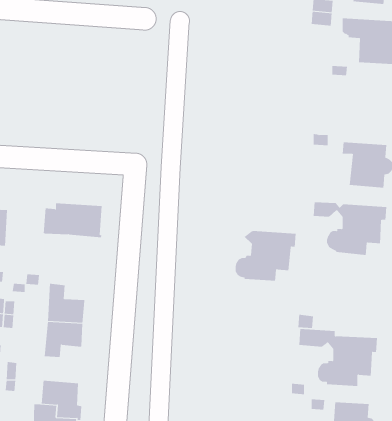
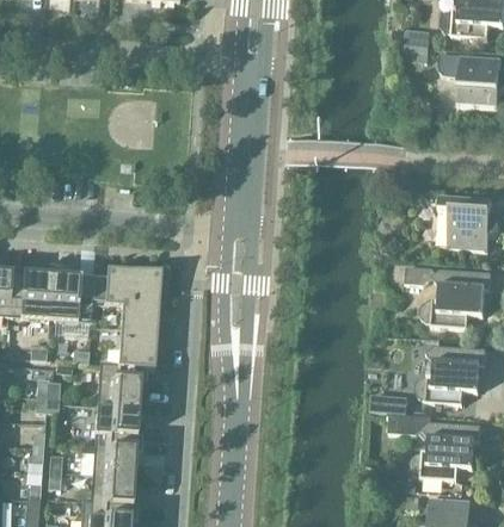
building: none -> [49,272,94,321]
building: [235,231,297,281] -> [414,345,486,403]
building: none -> [117,304,160,382]
building: none -> [80,432,142,476]

